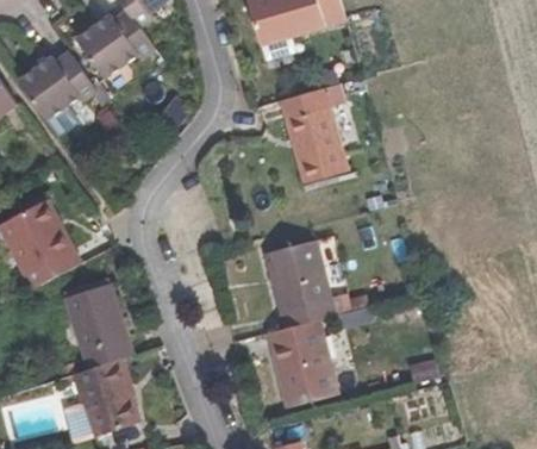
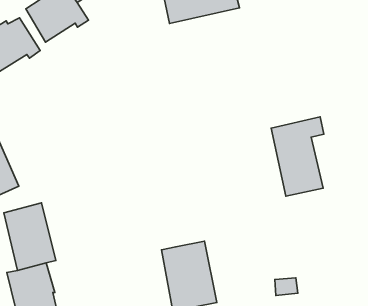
building: [279,81,349,183] -> [271,117,324,196]
building: [264,238,336,326] -> none

